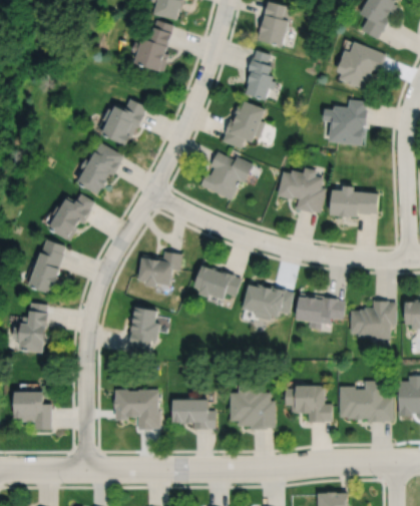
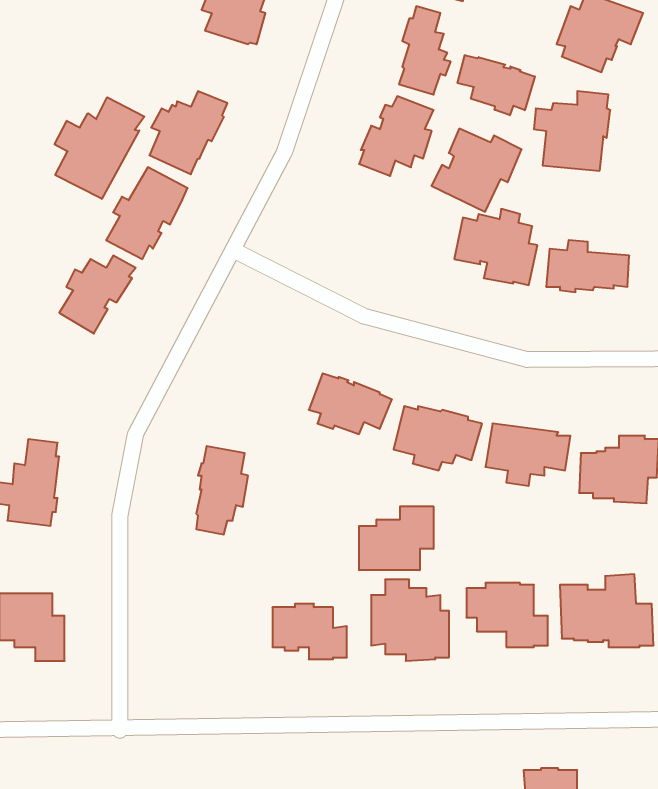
building: none -> [457,55,535,115]
building: none -> [55,97,144,199]
building: [200,153,253,201] -> [431,129,522,212]
building: [29,238,66,295] -> none
building: [137,249,181,286] -> none
building: none -> [359,506,433,570]
building: [113,390,160,429] -> none

